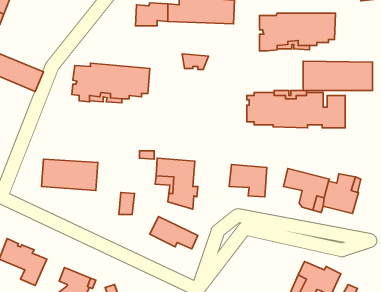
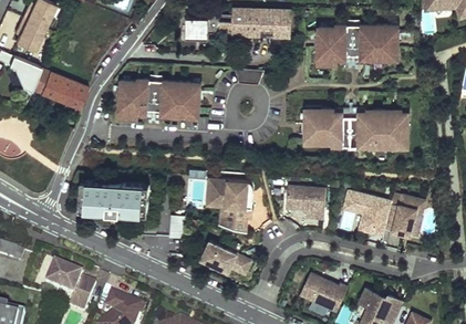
building: [303,61,373,90] -> none
building: none -> [300,273,349,313]

